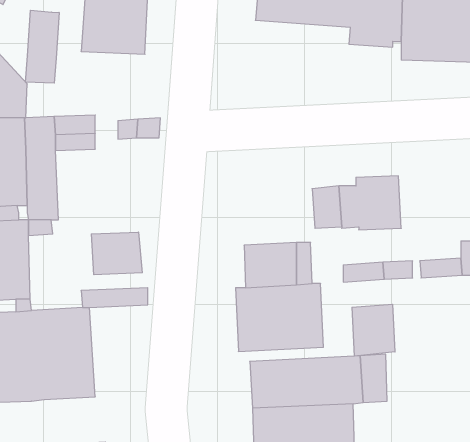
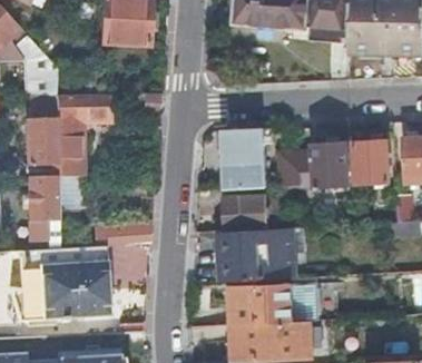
building: [26,10,59,83] -> none
building: none -> [224,127,273,186]
building: none -> [354,138,390,182]
building: [91,232,142,275] -> none
building: [352,304,395,356] -> none

